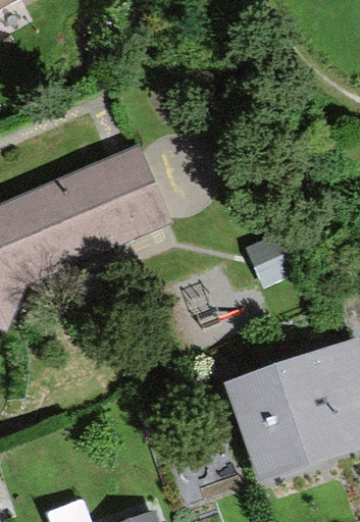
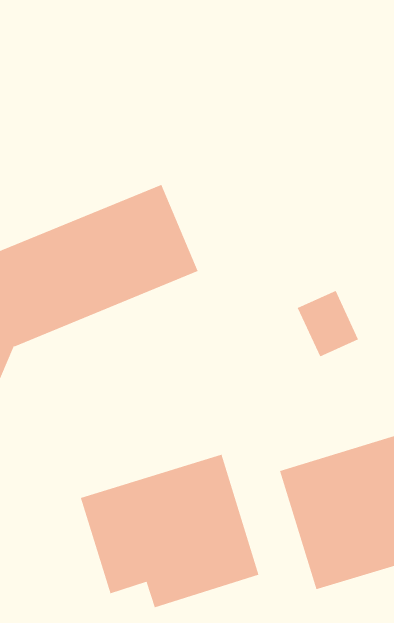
building: none -> [80,454,259,608]

